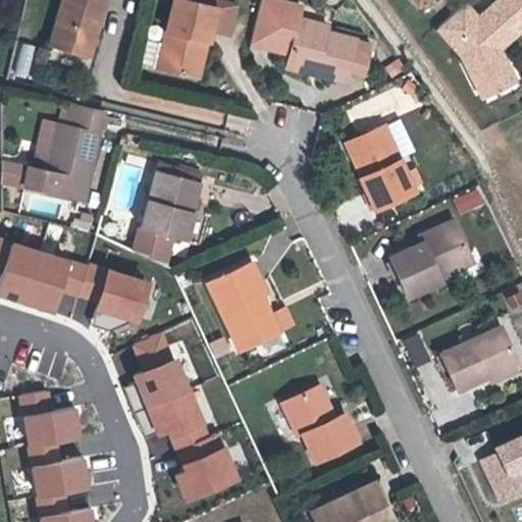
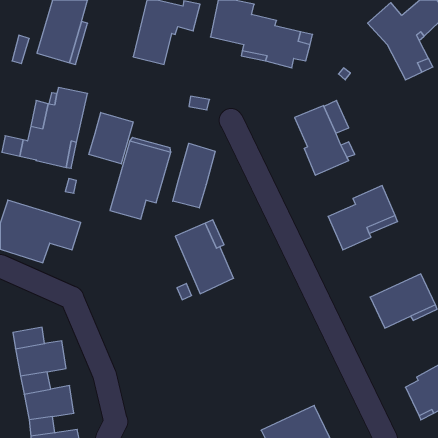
building: none -> [89,112,133,164]
building: none -> [173,143,215,208]
building: [91,266,147,330] -> none
building: [132,332,210,451] -> none
building: [282,386,356,462] -> none
building: [173,449,236,500] -> none

